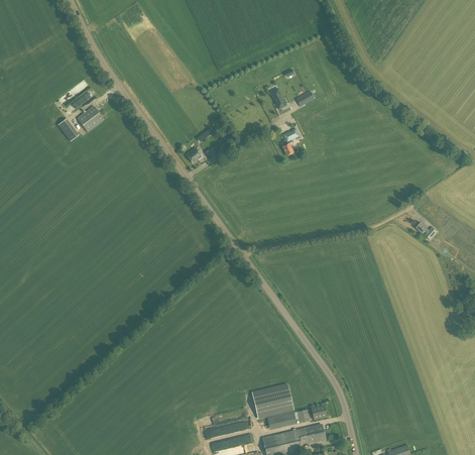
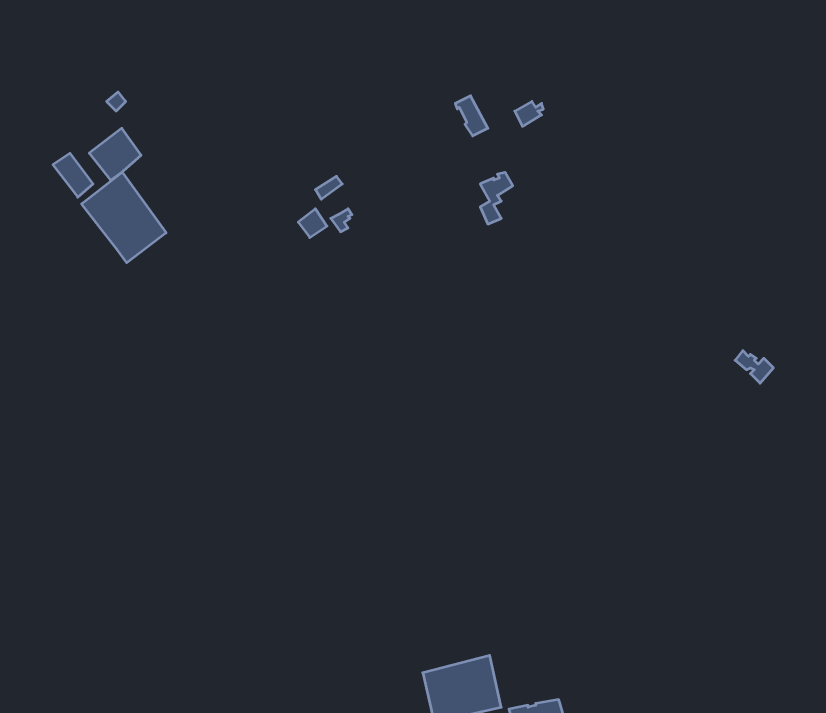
building: none -> [82,172,166,263]

